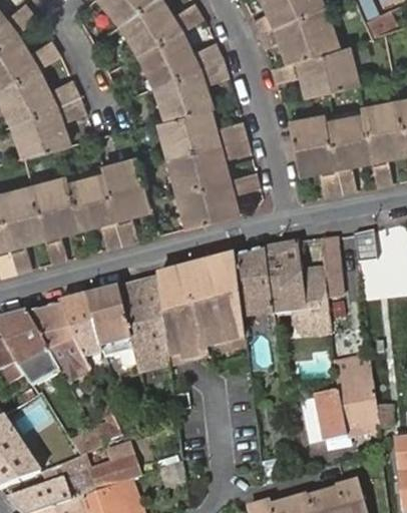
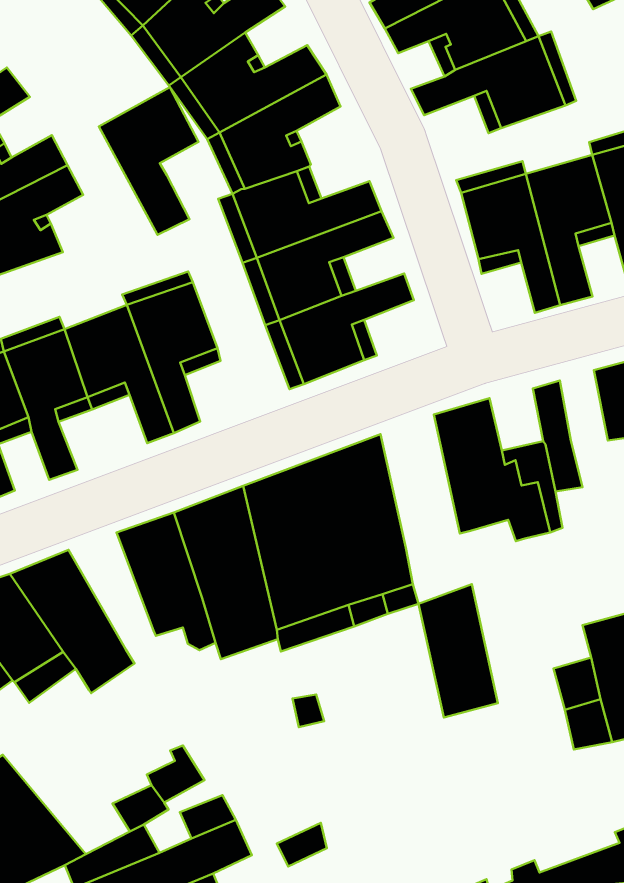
building: none -> [99,87,198,235]
building: [234,247,272,319] -> [418,584,498,717]
building: [58,296,100,360] -> none

